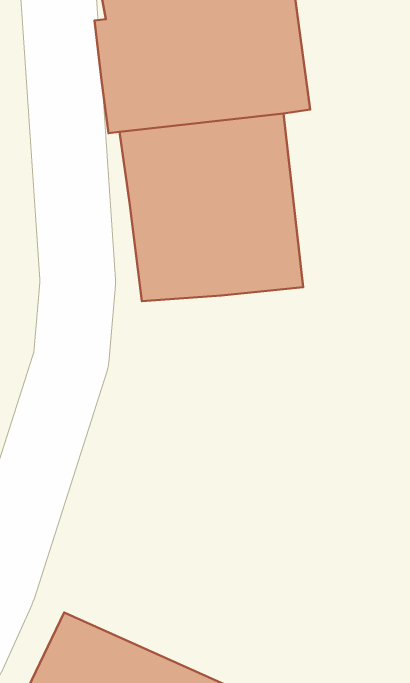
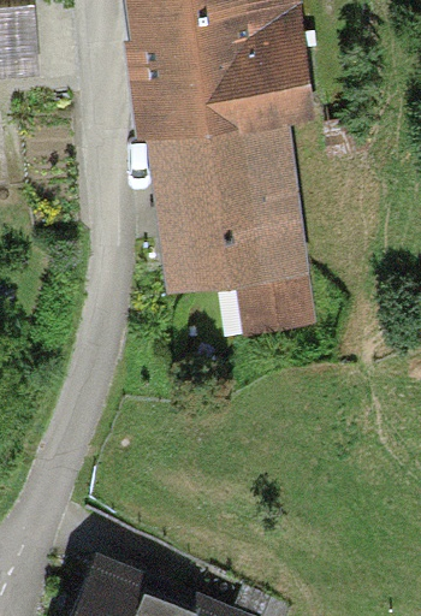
building: none -> [235,266,315,339]

